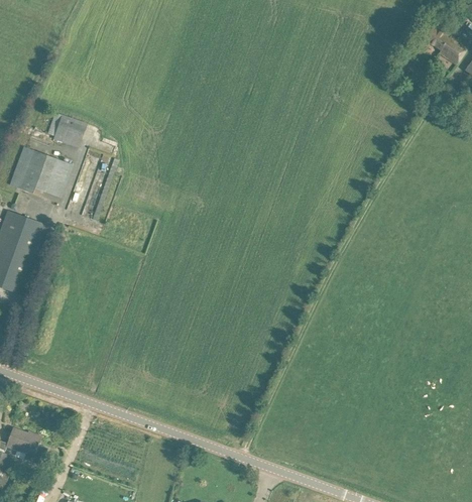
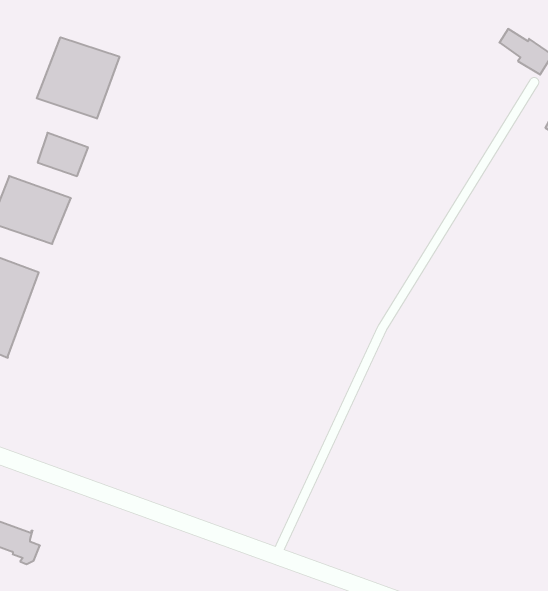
building: none -> [37,37,119,119]

